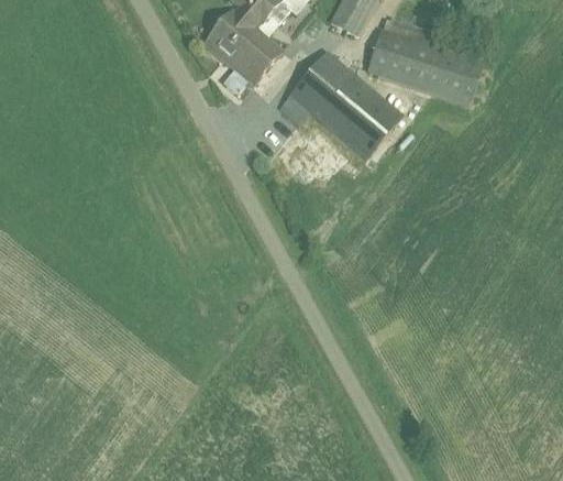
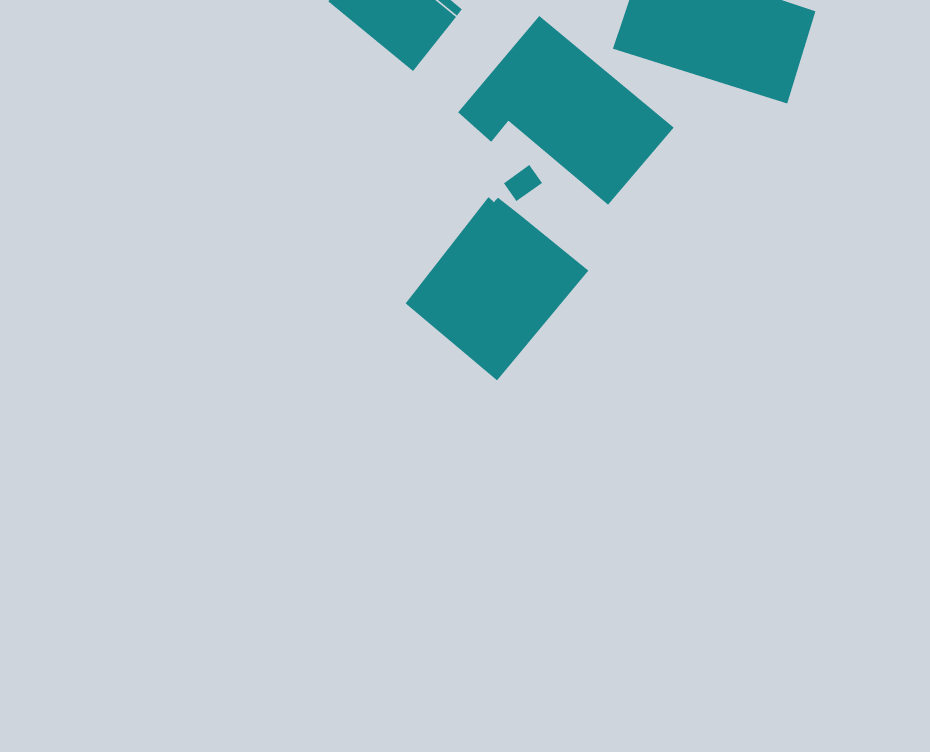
building: none -> [405,196,590,381]

